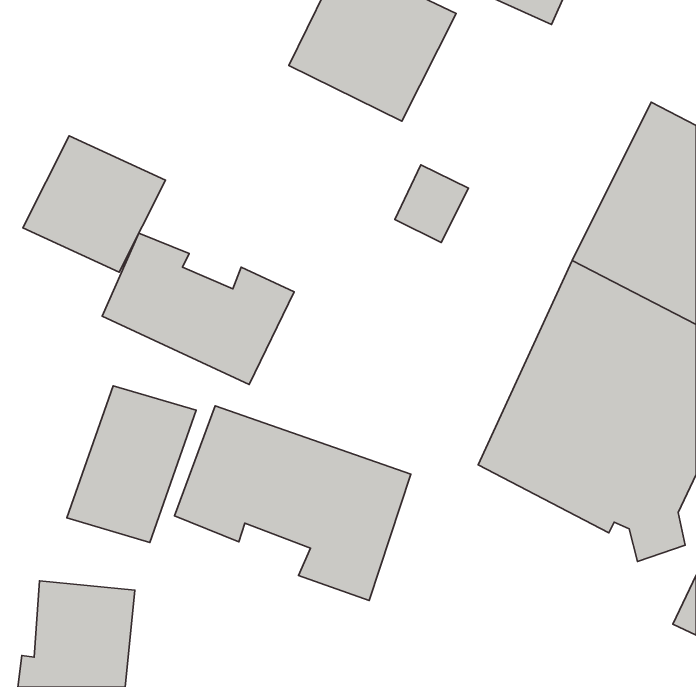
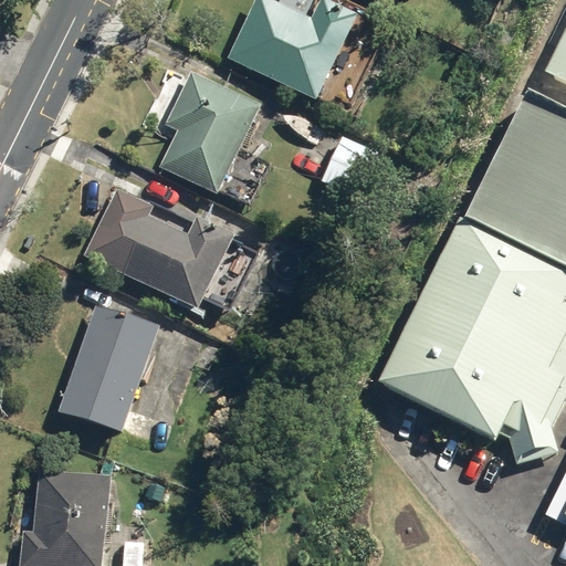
building: none -> [161,64,269,191]
building: [23,136,165,272] -> none
building: [175,406,411,600] -> none

